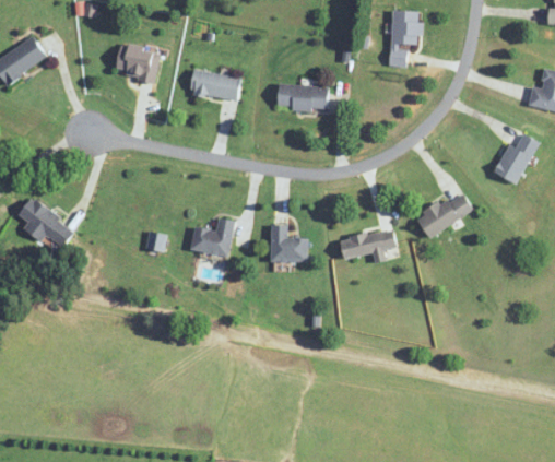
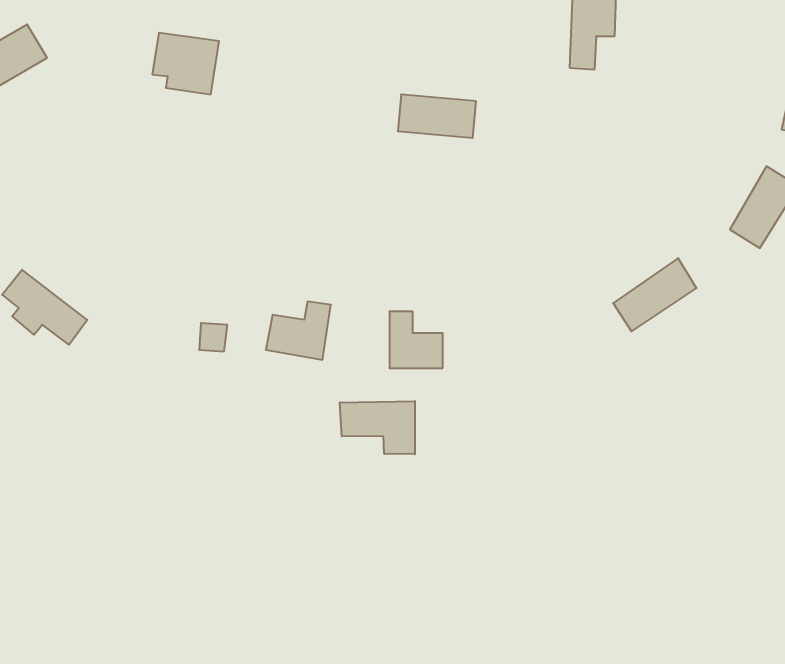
building: [189,70,239,100] -> none
building: [340,228,397,263] -> none
building: none -> [340,401,415,454]

